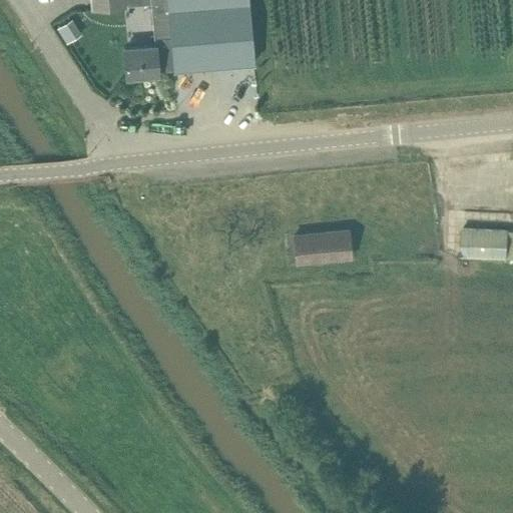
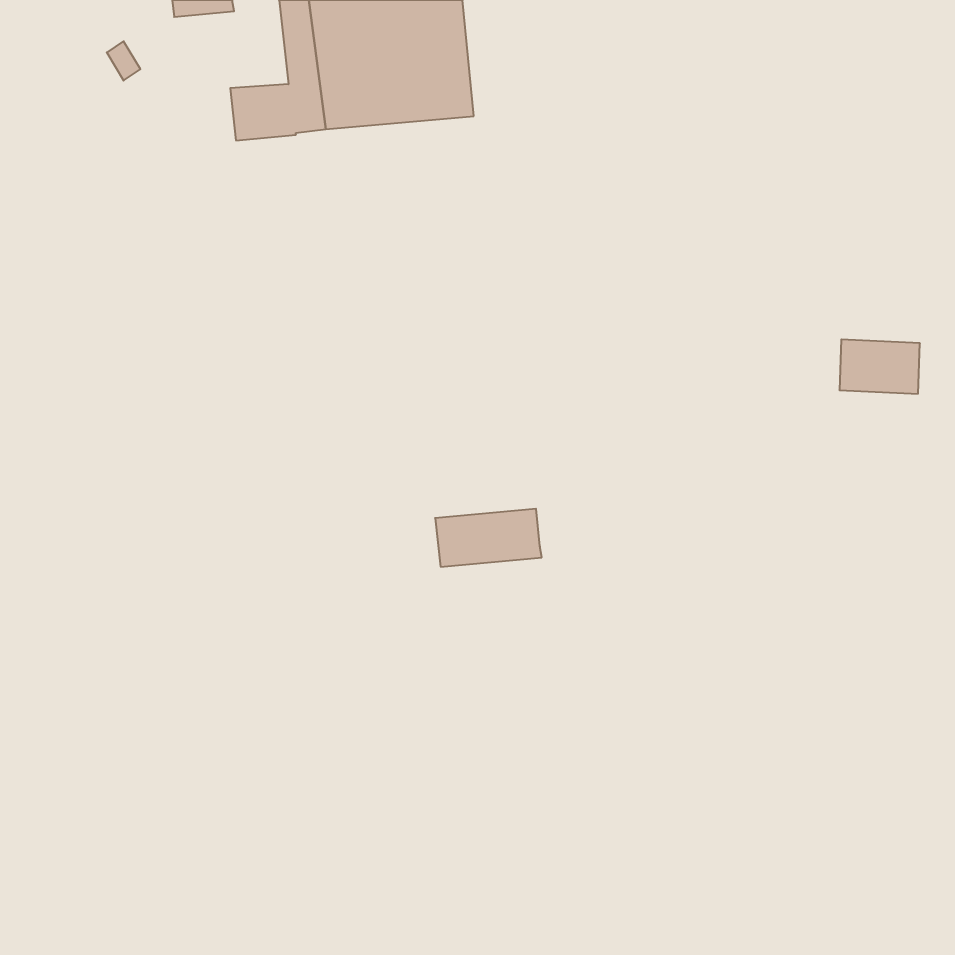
building: [464,228,507,258] -> [839,339,920,394]
building: [295,230,352,262] -> [435,509,542,567]

